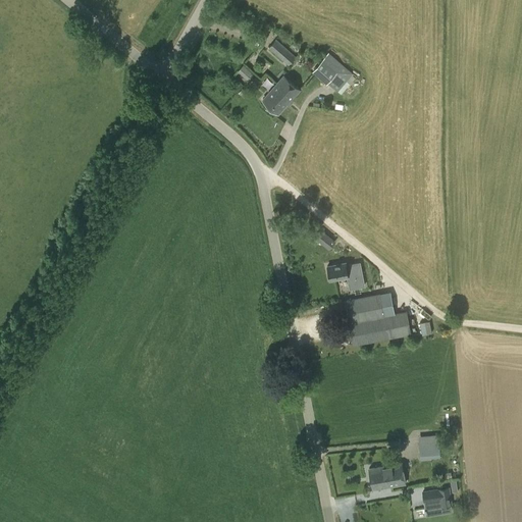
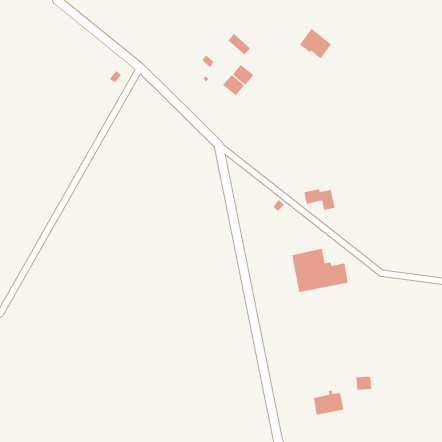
building: [312,55,351,92] -> [299,28,332,59]
building: [326,262,364,288] -> [304,189,336,210]
building: [423,488,451,508] -> none

